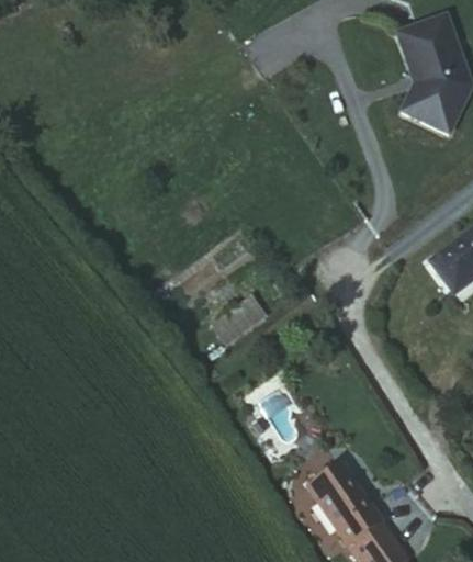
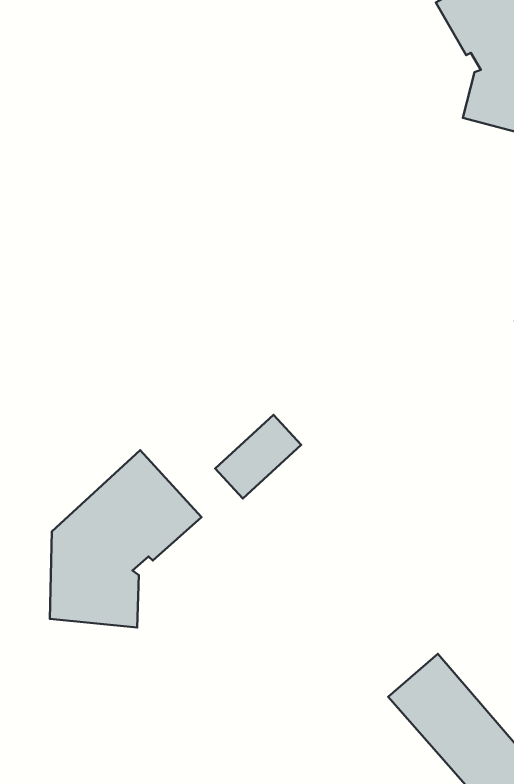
building: none -> [50,450,201,628]

